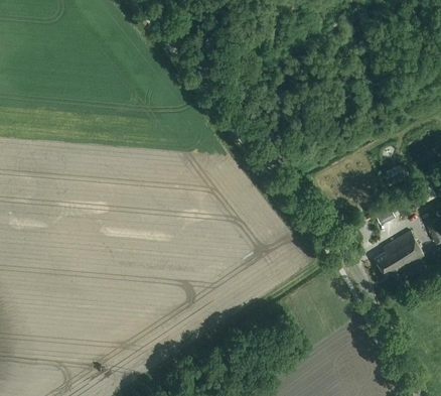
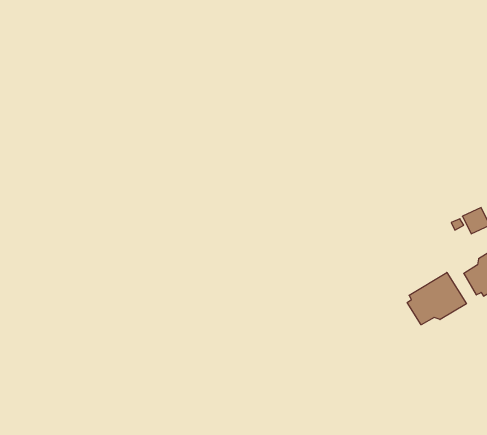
building: none -> [407,272,466,325]

